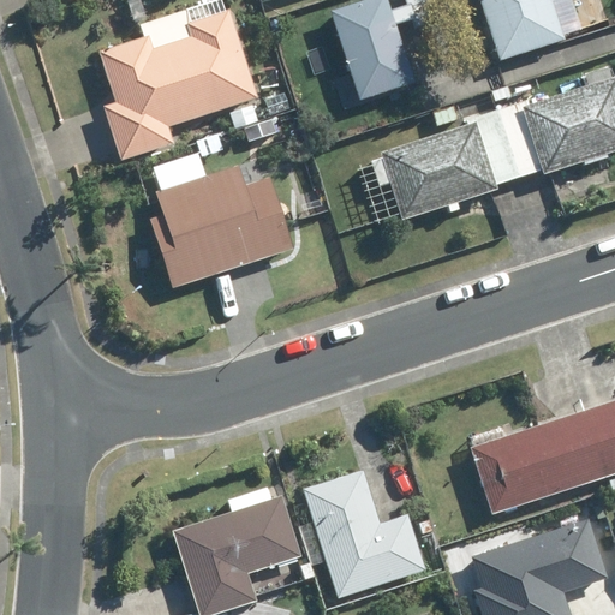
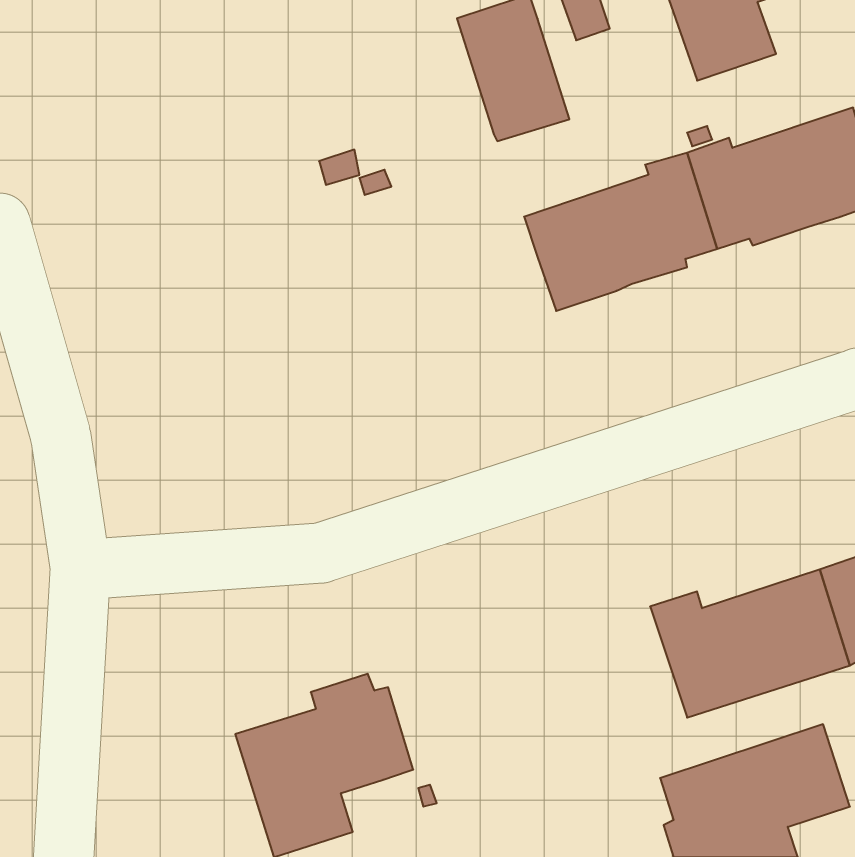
building: [101,13,259,163] -> none
building: [153,171,295,293] -> none
building: [303,470,425,593] -> none

